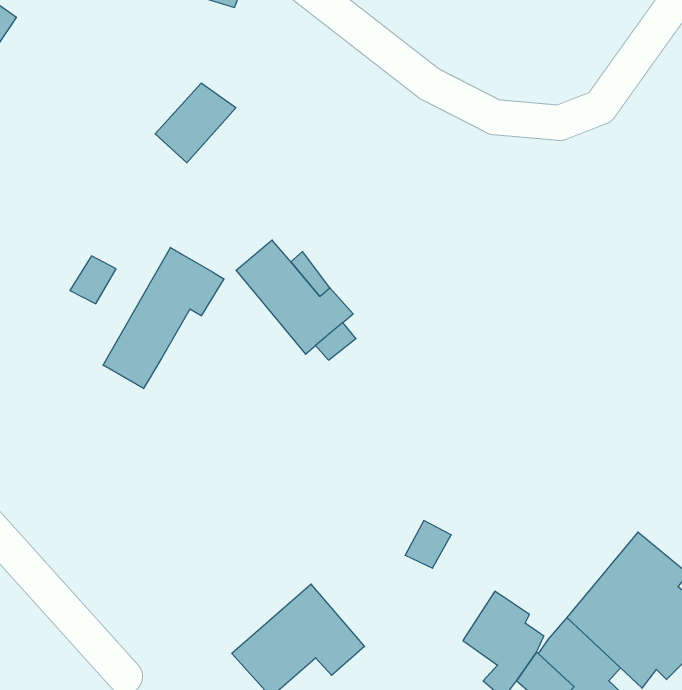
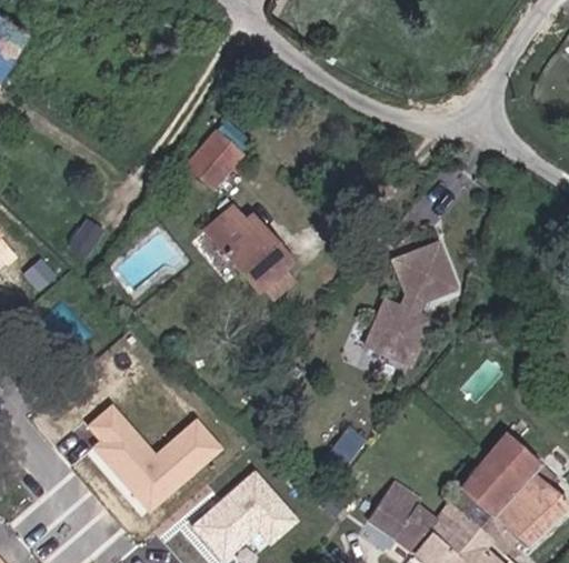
building: [155,83,236,163] -> [180,125,242,187]
building: [103,247,224,389] -> none
building: none -> [366,237,455,360]
building: none -> [91,408,220,512]

